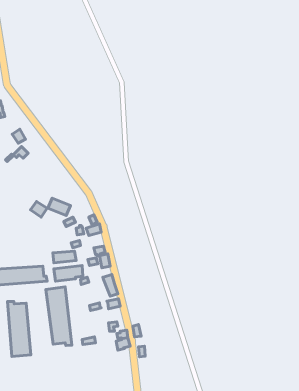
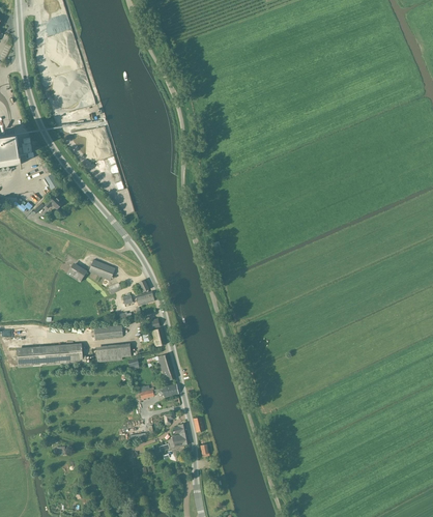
building: [46,287,72,345] -> none
building: [8,301,31,356] -> none

